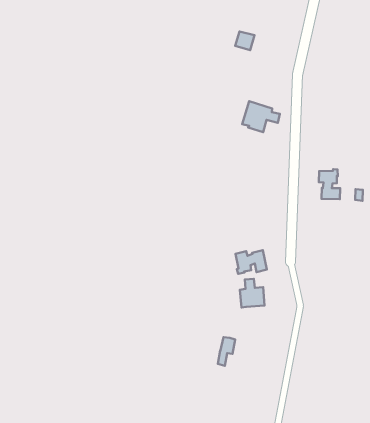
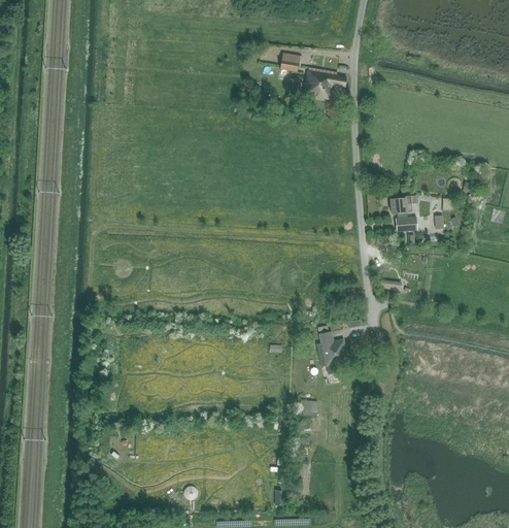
building: [242,101,280,132] -> [304,67,345,100]
building: [236,250,267,274] -> none

